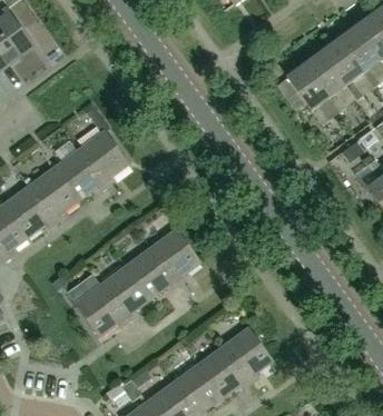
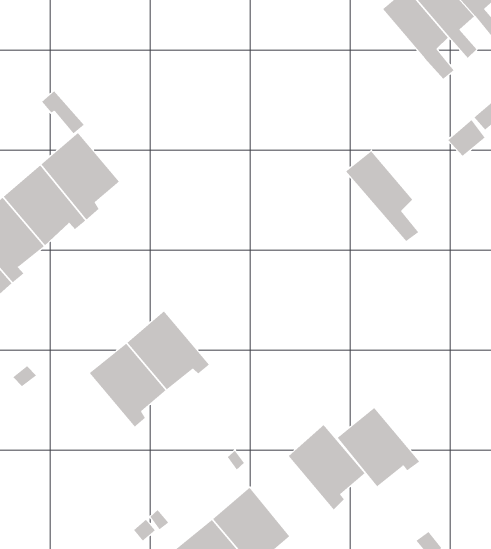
building: [286,65,331,125] -> [345,150,419,242]
building: [150,228,199,284] -> none
building: [73,284,126,335] -> none
building: [197,346,249,397] -> [337,407,420,487]

